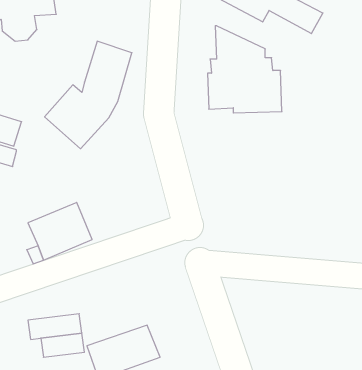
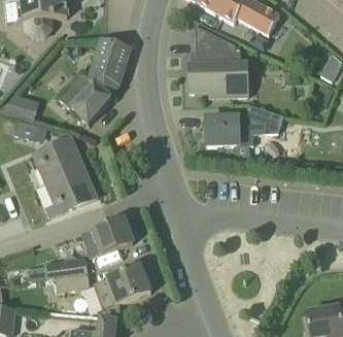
building: none -> [204,103,284,145]
building: none -> [32,137,83,183]
building: none -> [80,218,132,258]

